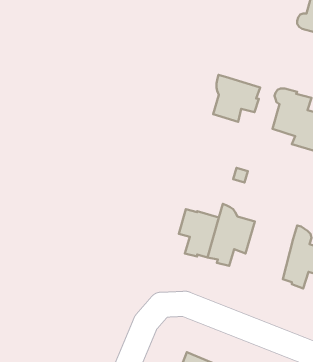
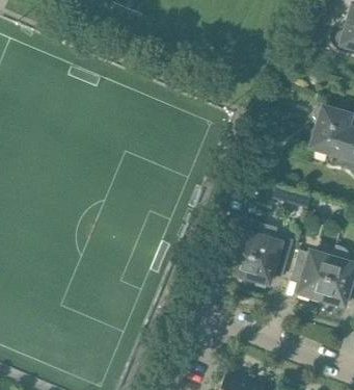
building: [213,75,260,122] -> none
building: none -> [292,251,332,300]

